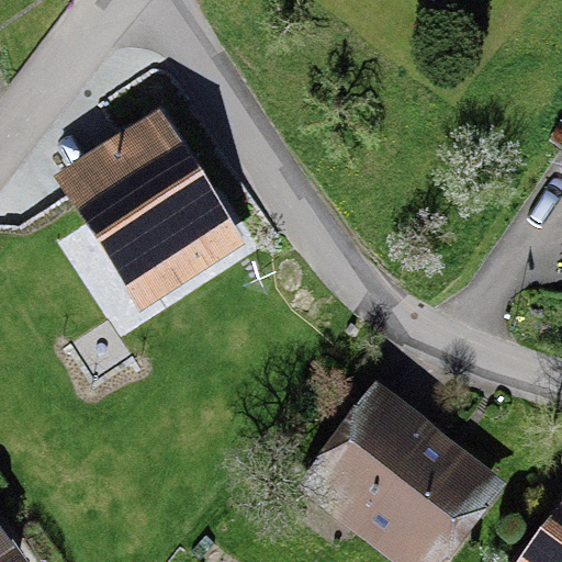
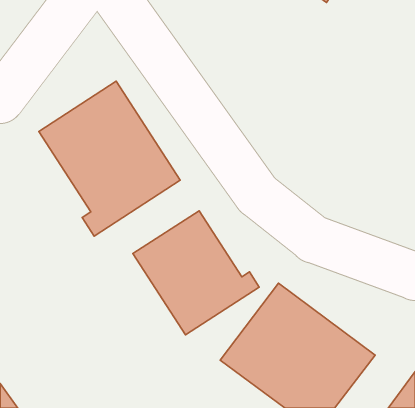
building: none -> [133,211,259,335]

